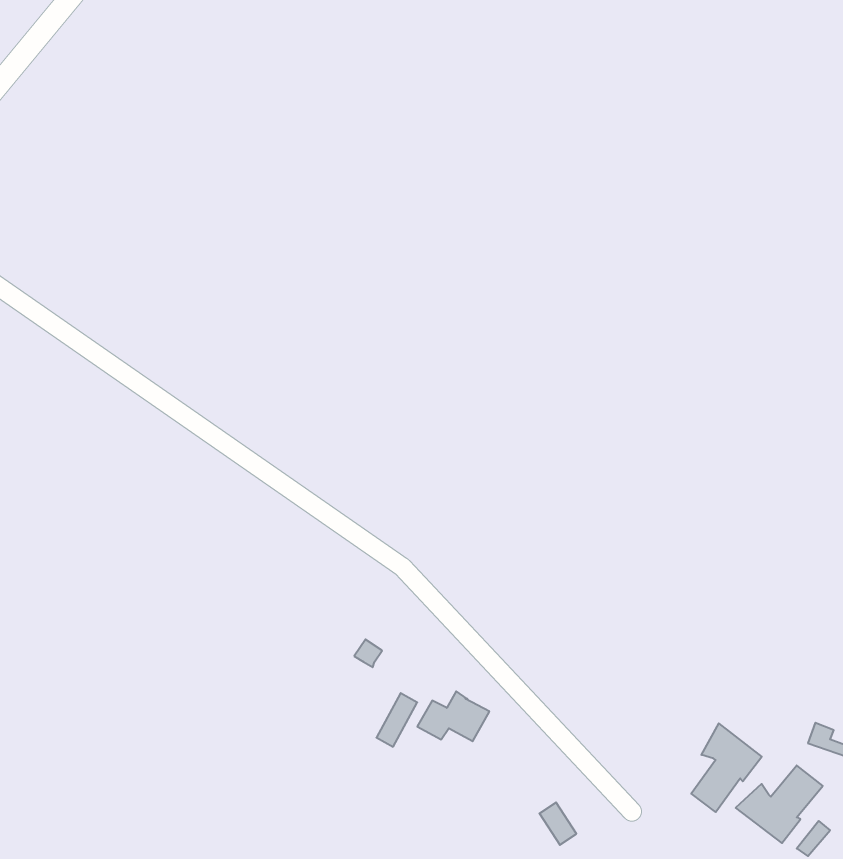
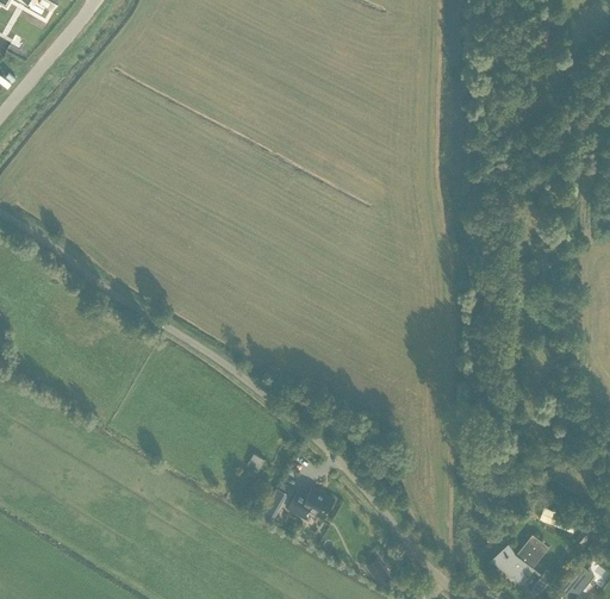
building: [691,723,762,812] -> none

